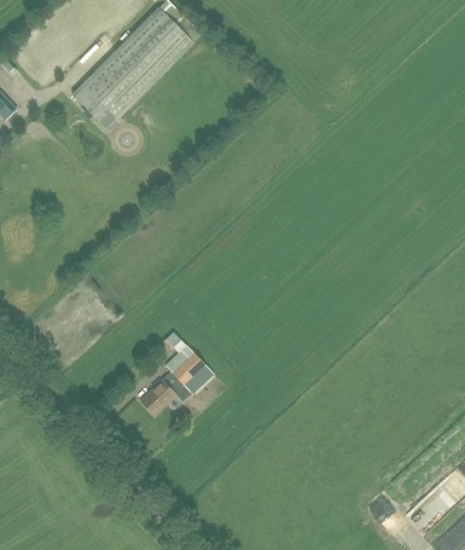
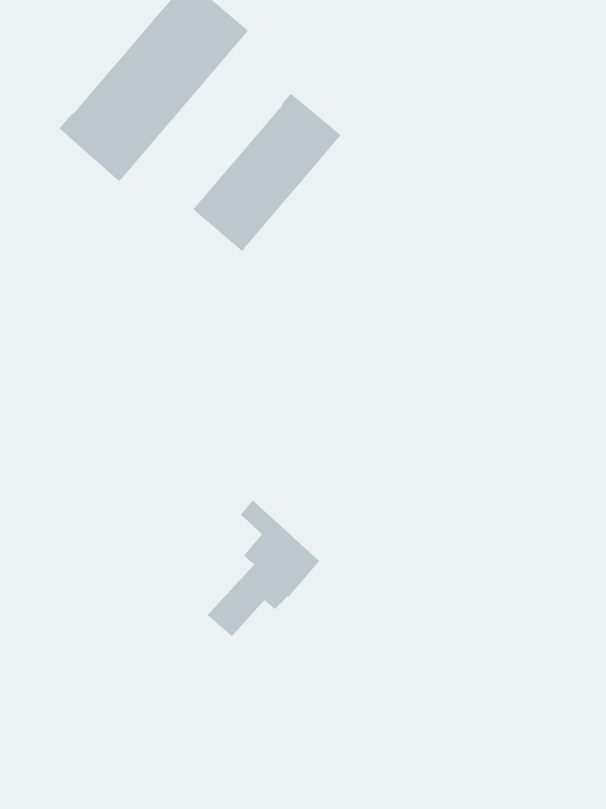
building: none -> [193,93,341,252]

